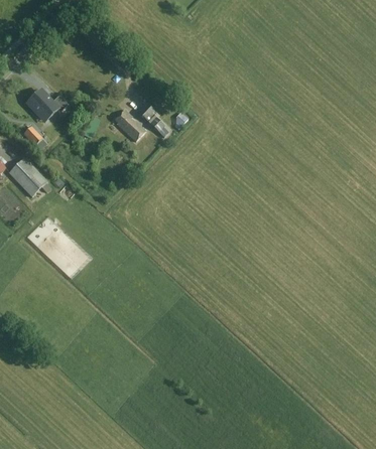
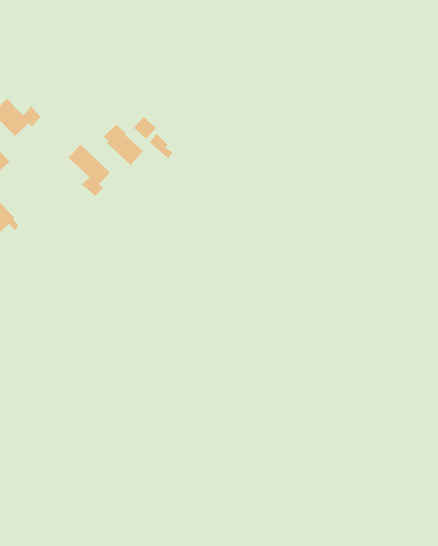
building: none -> [67,144,111,197]

